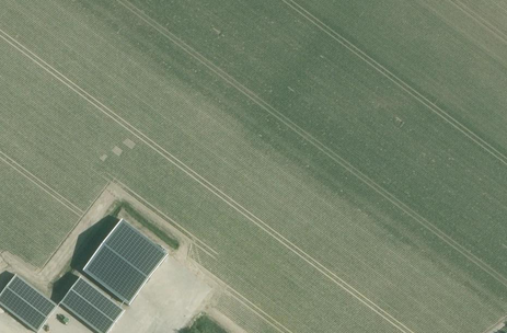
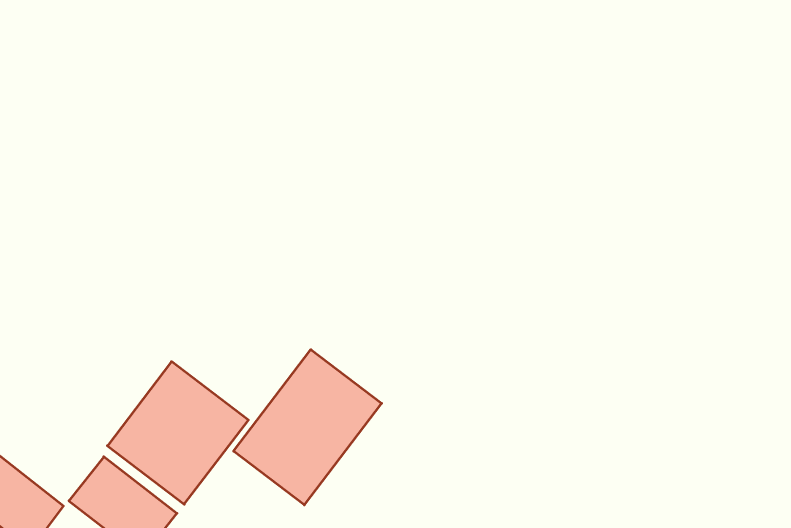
building: none -> [234,350,382,505]

